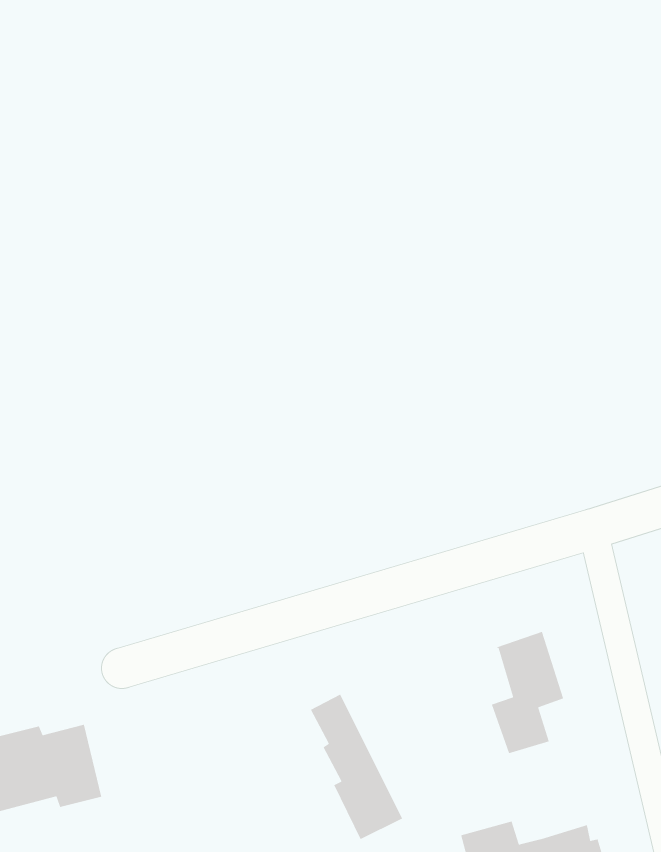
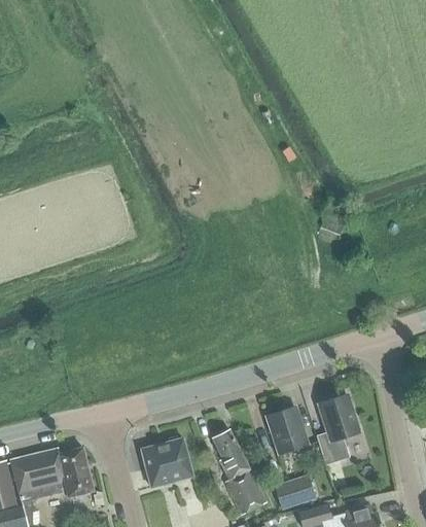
building: none -> [268,407,307,455]
building: none -> [141,435,192,488]
building: none -> [274,473,315,508]

